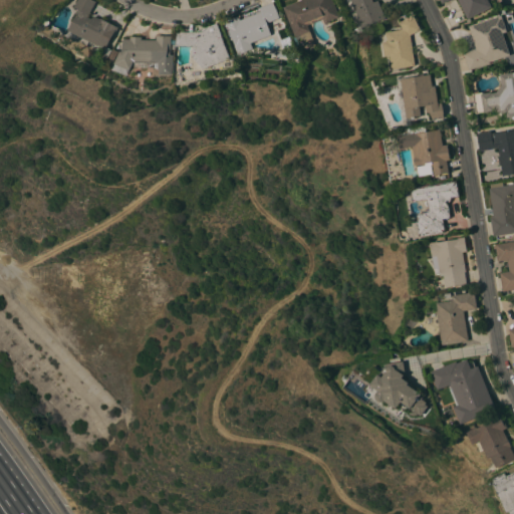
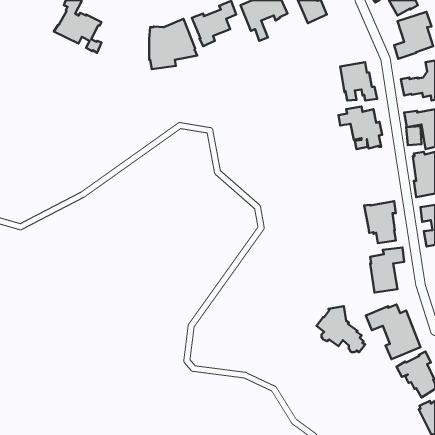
building: [381,15,420,71] -> none
building: [113,35,175,77] -> none
building: [411,181,459,237] -> none

